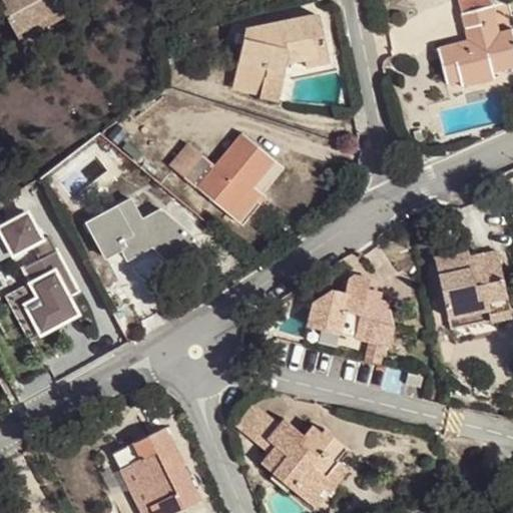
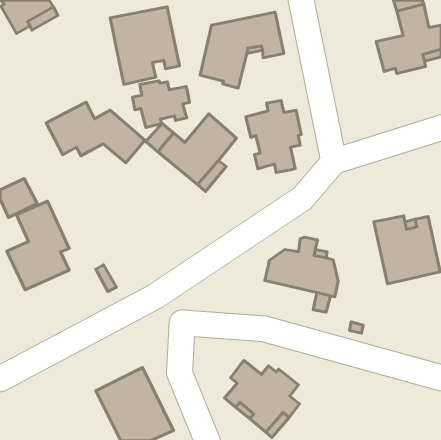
building: none -> [110,7,179,84]
building: none -> [132,81,189,128]
building: none -> [246,101,301,173]
building: [86,198,200,269] -> [46,102,145,163]
building: [235,402,280,453] -> none

